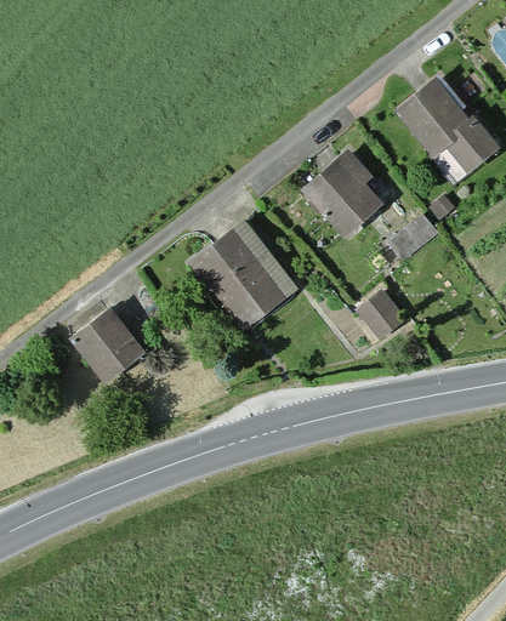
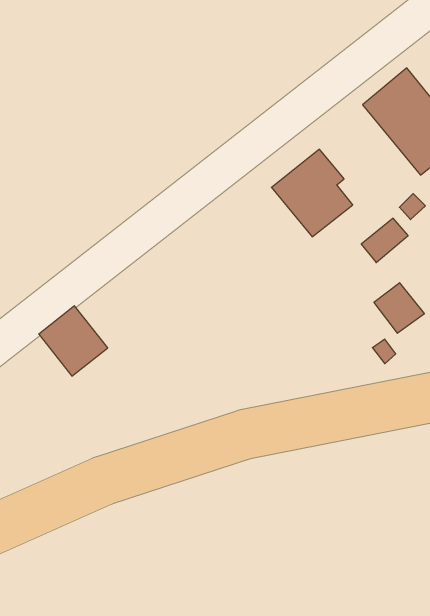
building: [186,221,292,331] -> none
building: [357,292,406,342] -> [374,283,424,333]

